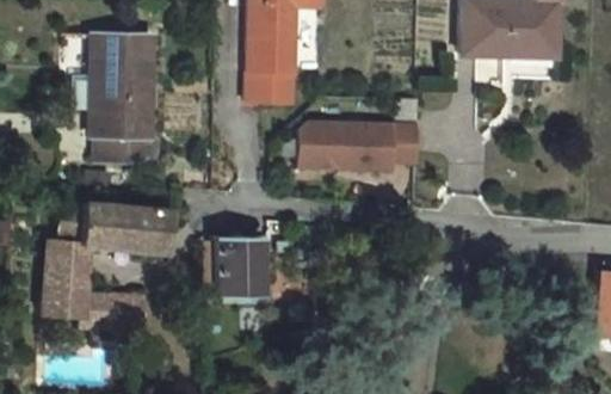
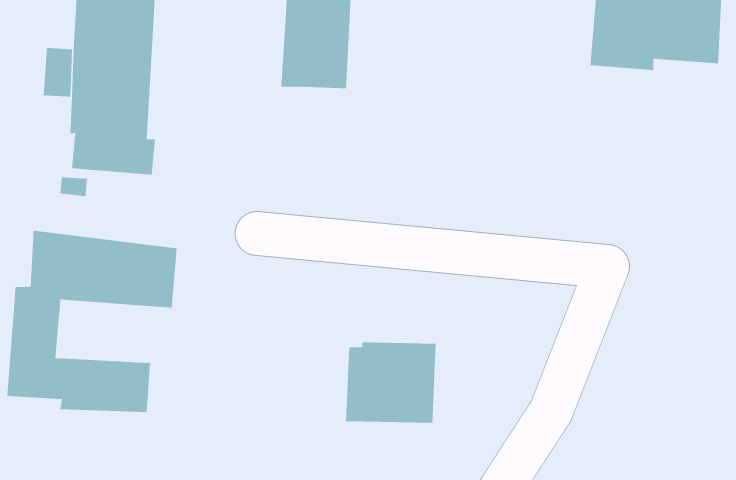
building: [295,90,414,160] -> none
building: [210,236,276,295] -> [345,342,436,423]

